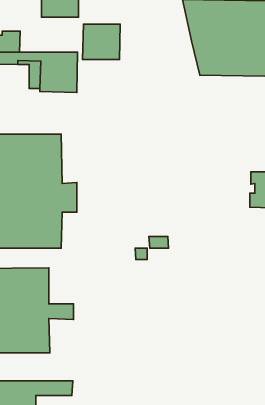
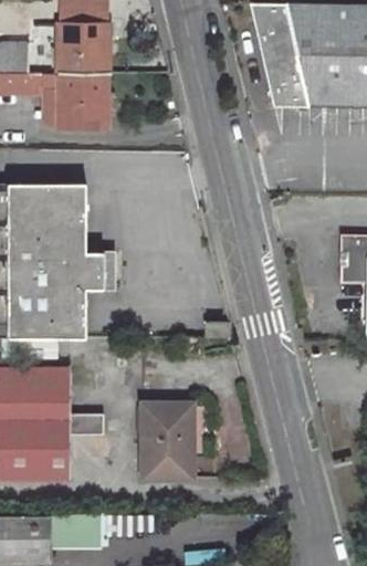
building: [83,24,120,60] -> [59,27,109,74]
building: none -> [141,403,195,479]

